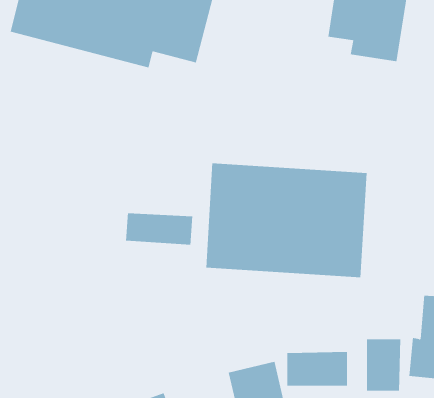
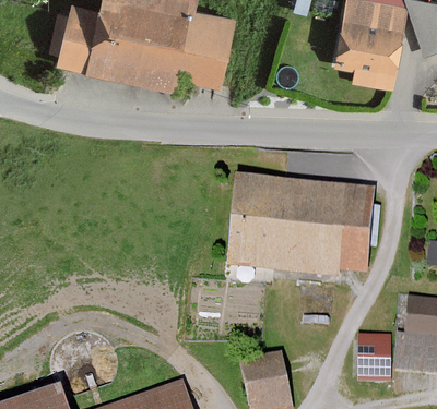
building: [126,213,193,245] -> none
building: [287,351,348,386] -> none

